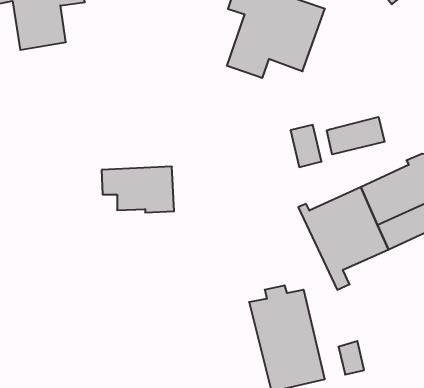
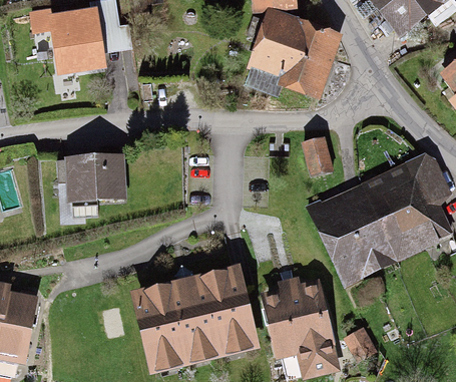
building: [327,117,385,154] -> none
building: [102,167,174,212] -> [58,156,123,198]
building: none -> [139,275,253,364]

